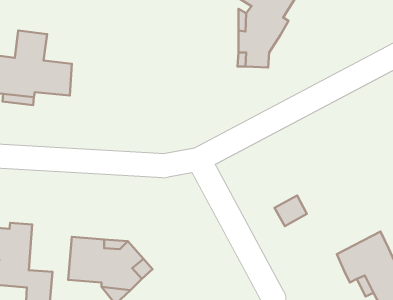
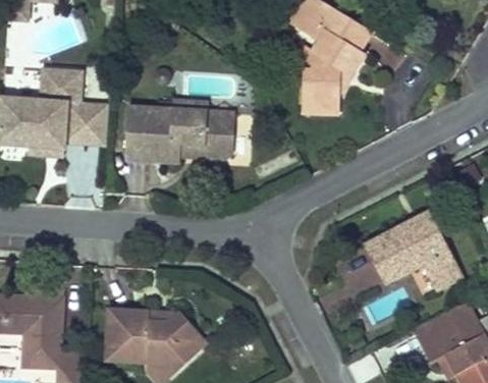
building: none -> [125,99,234,163]
building: none -> [368,213,464,290]

